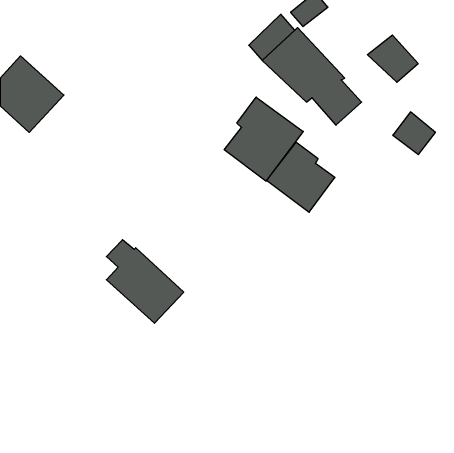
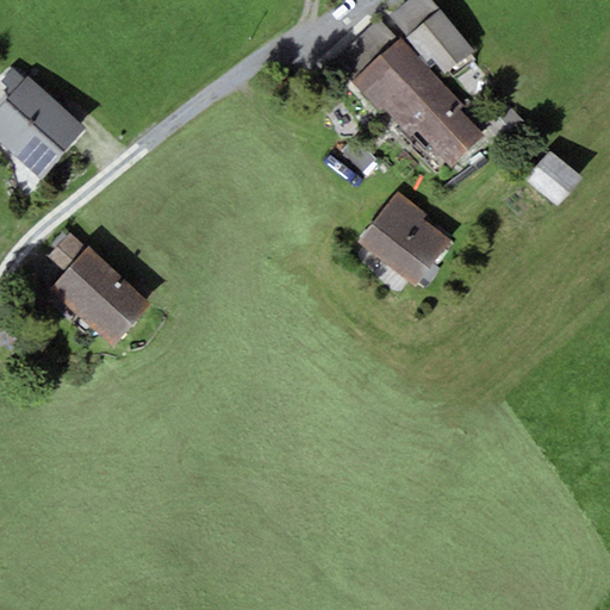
building: [367,35,418,82] -> [406,10,474,73]
building: [224,97,303,181] -> none
building: [106,240,184,323] -> [48,234,151,346]

